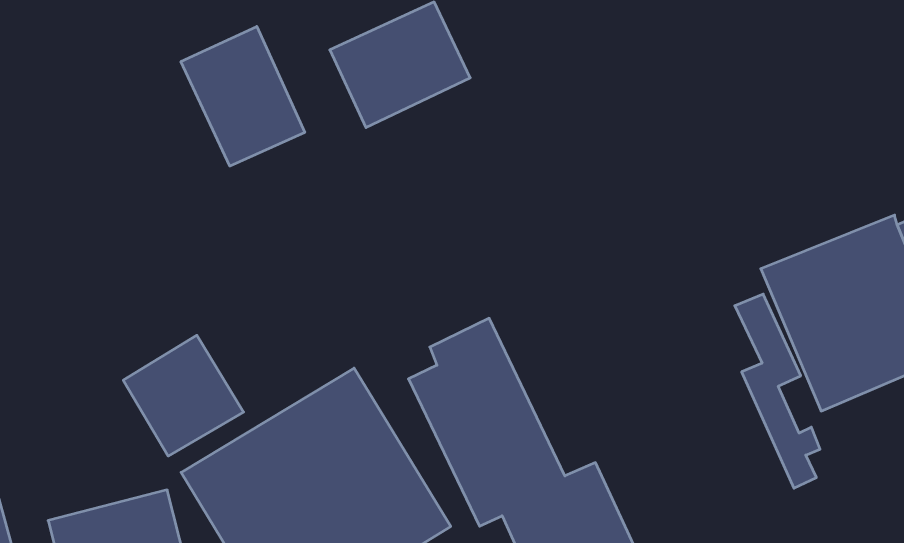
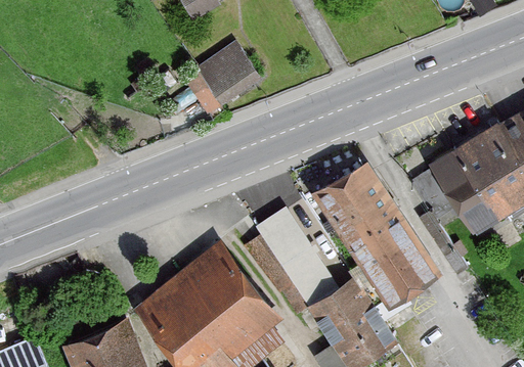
building: [181,26,305,166] -> none
building: none -> [315,169,438,309]
building: [123,335,244,456] -> none

